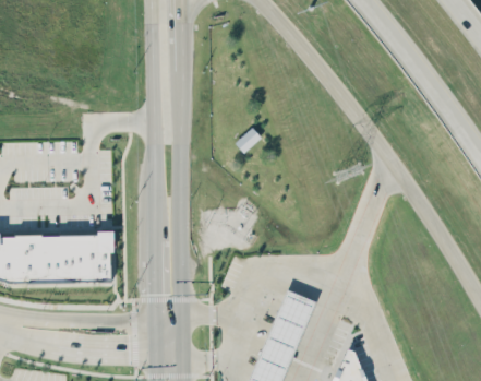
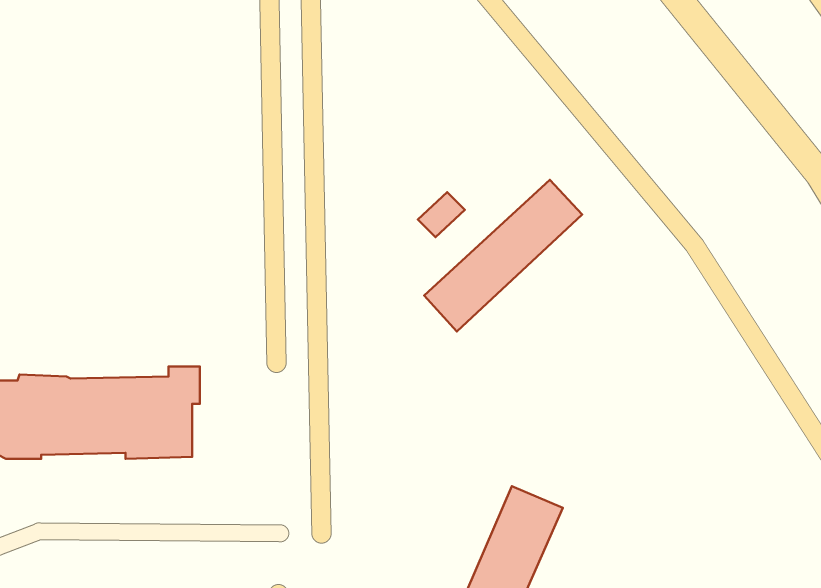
building: none -> [424,180,582,332]

